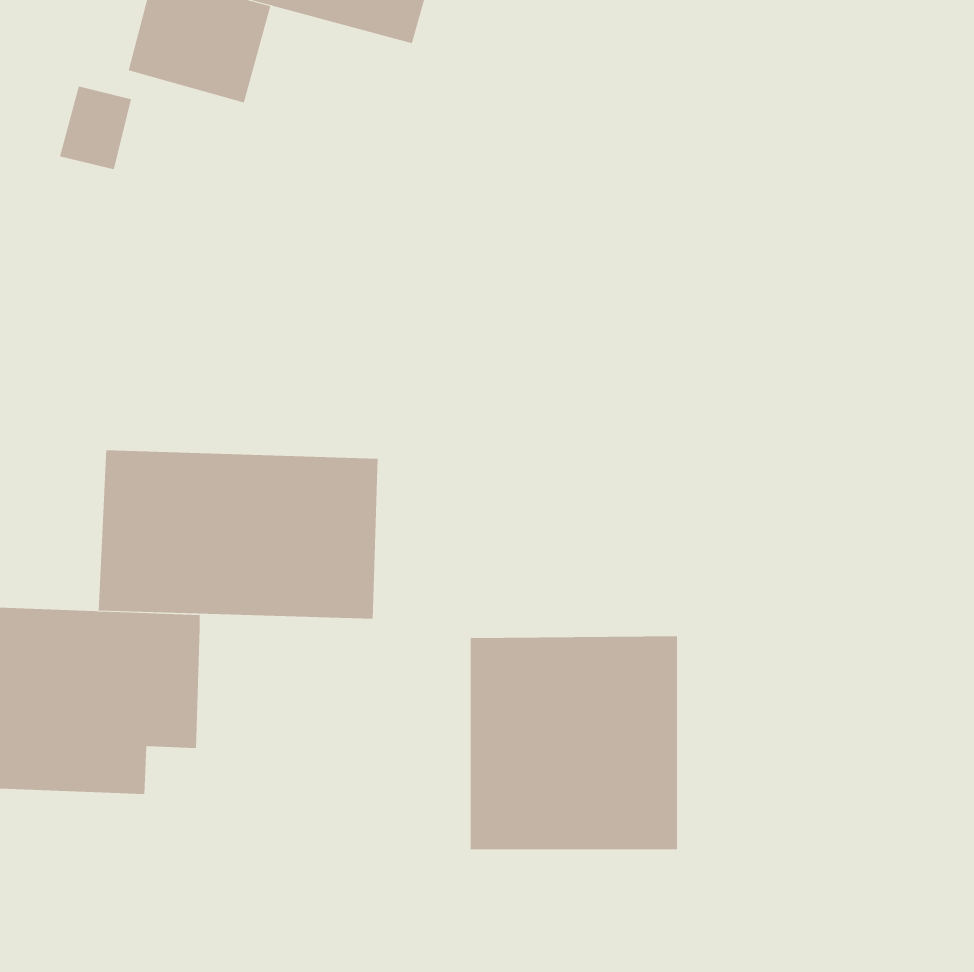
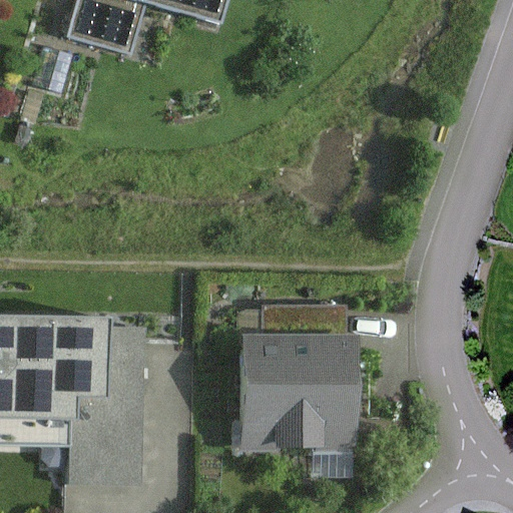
building: [98,450,378,619] -> none
building: none -> [74,330,143,483]

